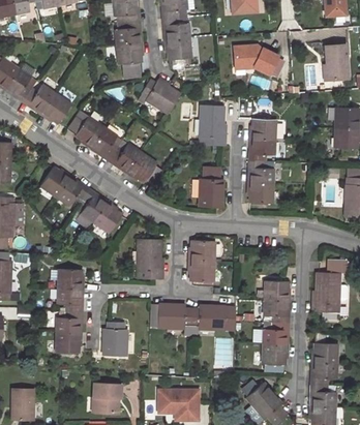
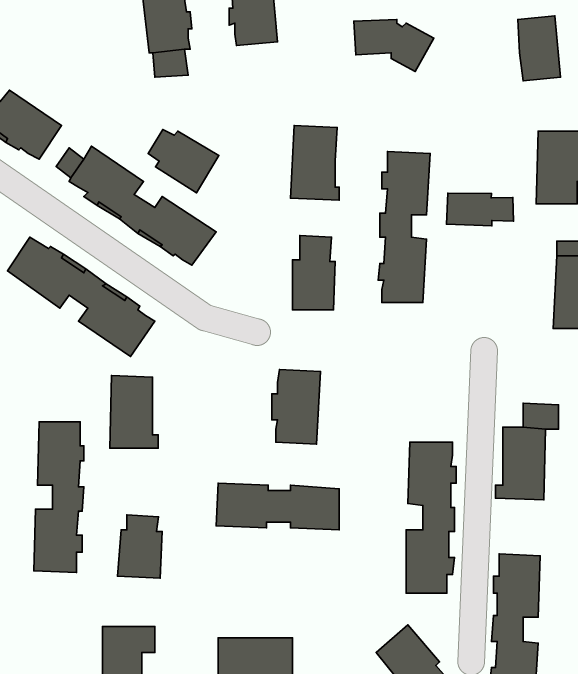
building: [142,79,181,114] -> [148,129,219,193]
building: none -> [447,193,514,226]
building: [137,238,163,278] -> [110,375,158,448]

